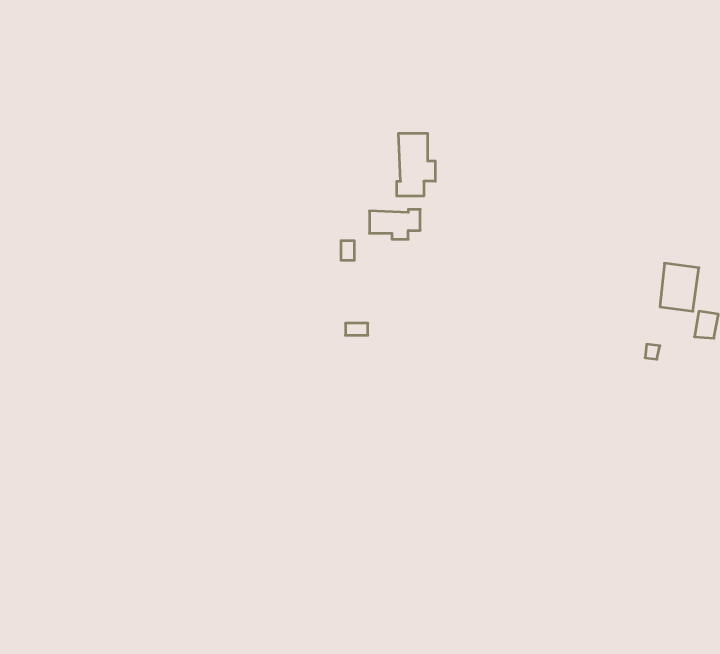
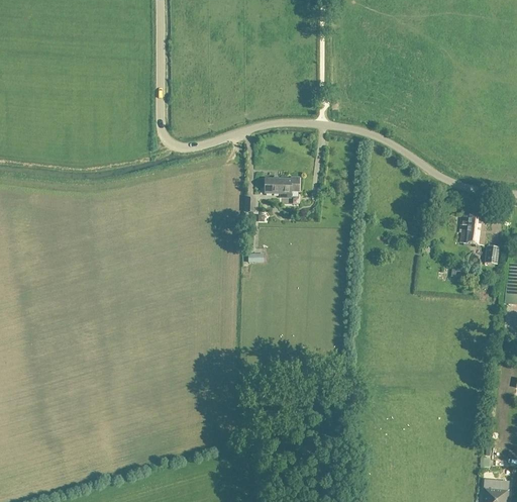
building: [397,133,435,196] -> none

